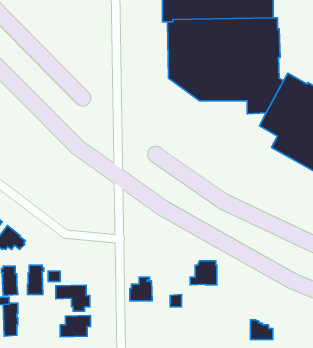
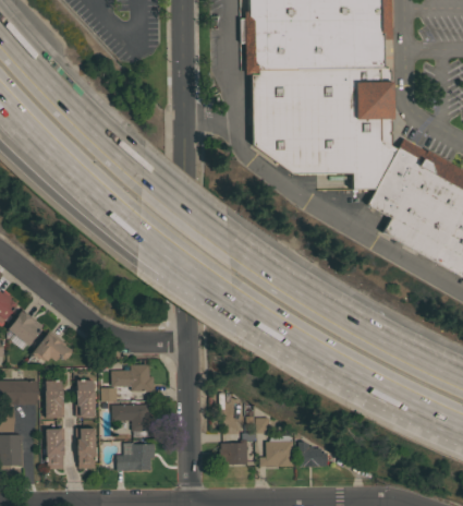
building: none -> [112,363,155,390]
building: [190,261,217,285] -> [260,435,294,466]
building: [130,277,152,301] -> [220,434,248,463]
building: none -> [76,426,98,468]
building: [250,320,273,340] -> [300,441,328,466]

